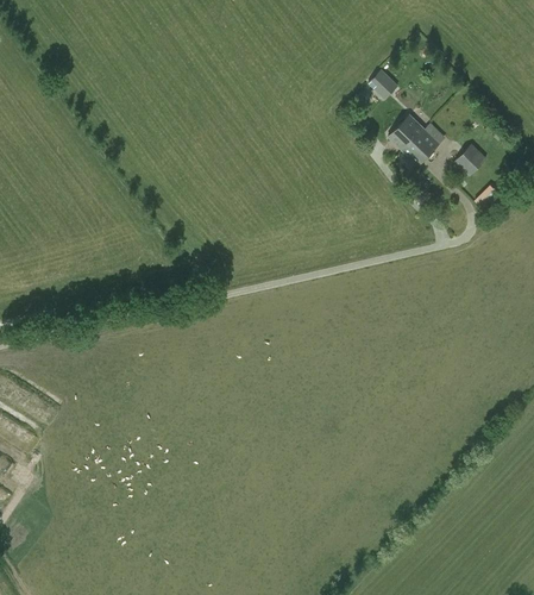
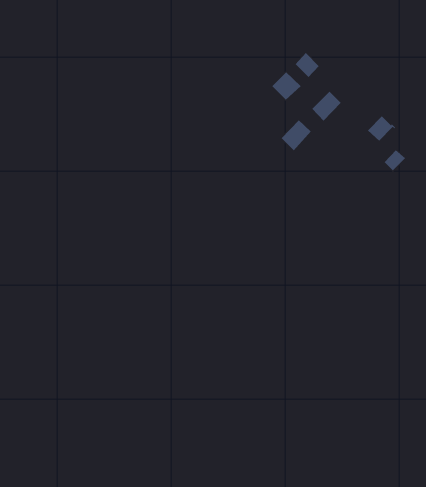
building: none -> [271,72,301,101]
building: [403,127,440,165] -> [281,119,312,151]

